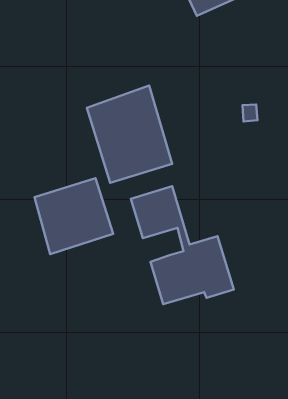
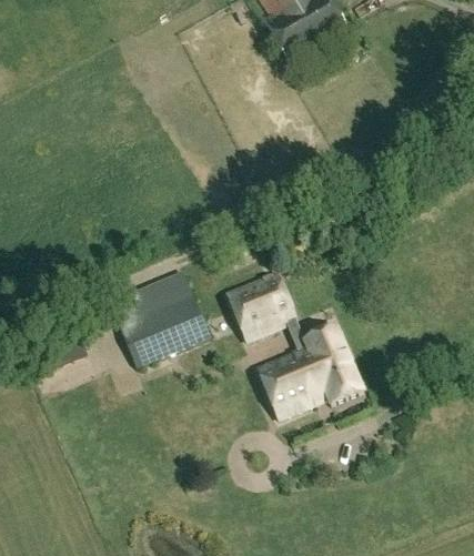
building: [87,86,172,183] -> none

